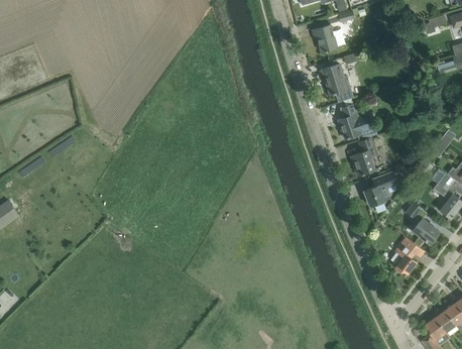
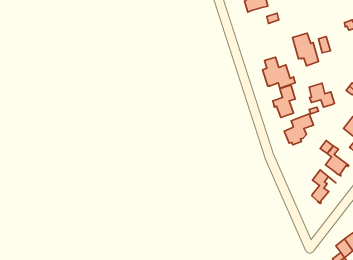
building: [323,64,353,102] -> [293,33,318,66]
building: none -> [309,83,334,107]

